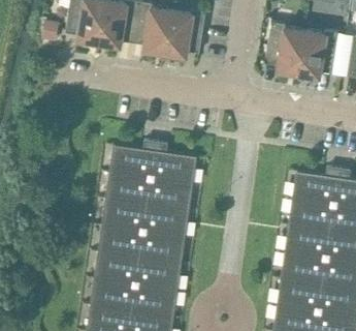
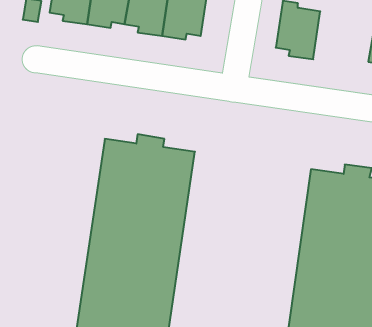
building: [299,32,339,79] -> none

